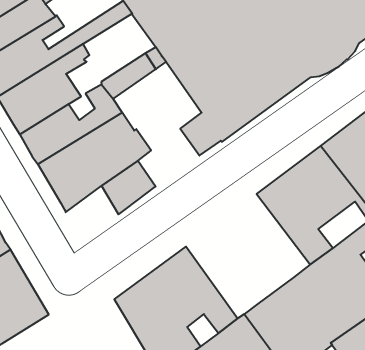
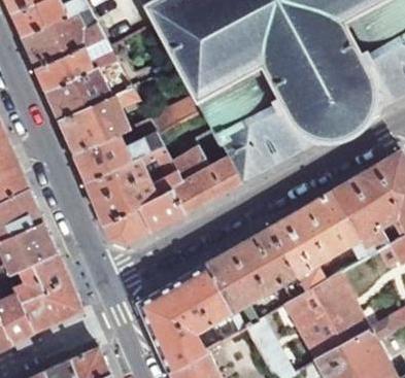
building: none -> [170,147,223,212]
building: none -> [104,206,148,244]
building: none -> [202,229,305,332]

